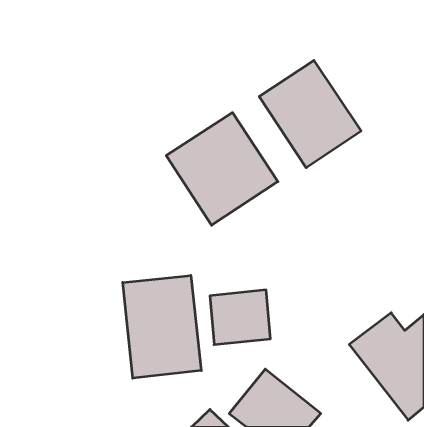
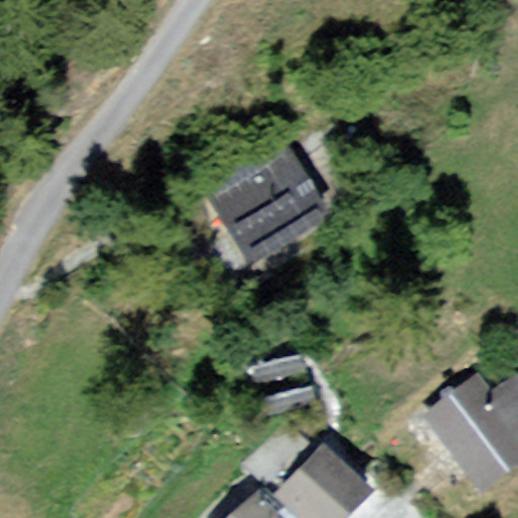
building: [259,60,361,168] -> none
building: [123,275,201,378] -> none

